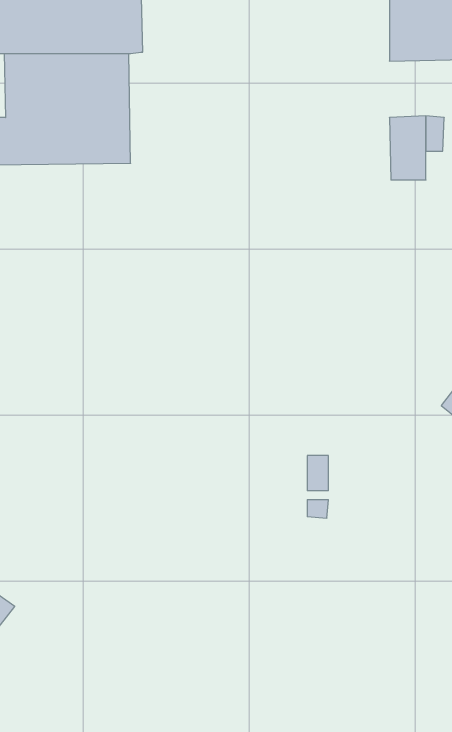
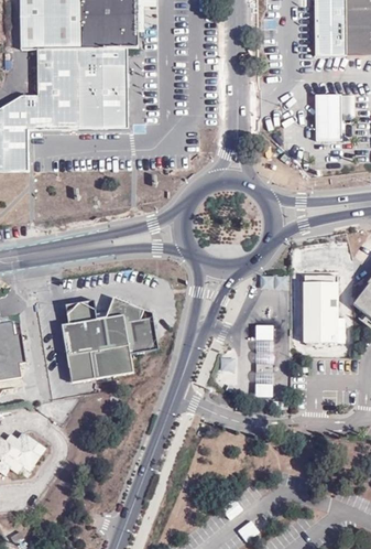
building: none -> [303,281,336,342]
building: none -> [63,298,159,381]

